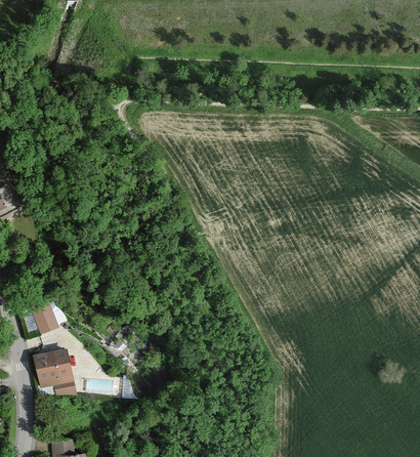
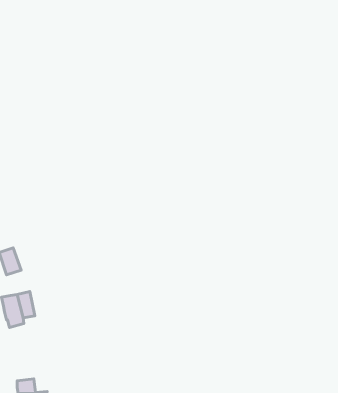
building: [43,374,74,393] -> none

